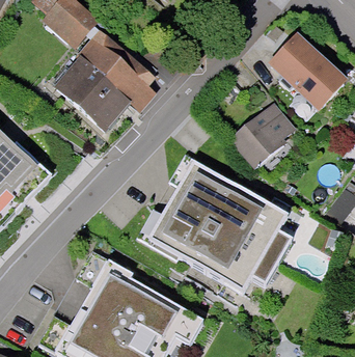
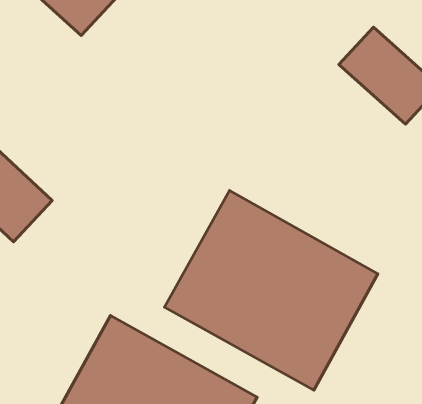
building: [54,25,159,126] -> none
building: [225,101,298,170] -> none

